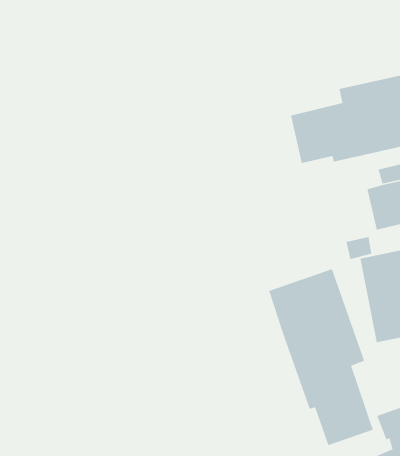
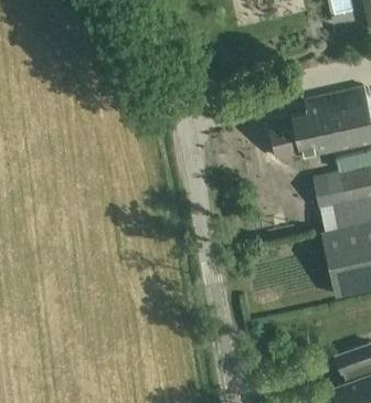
building: [268,268,374,446] -> none

